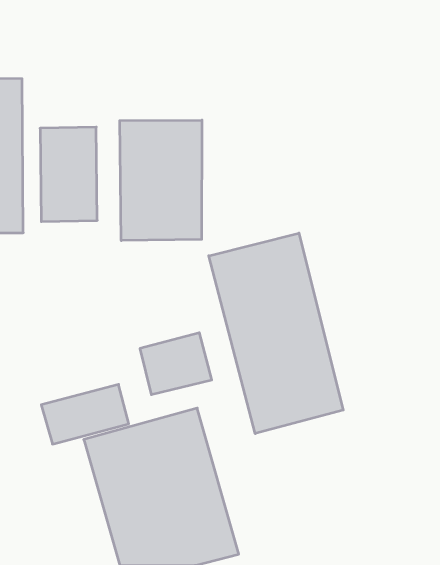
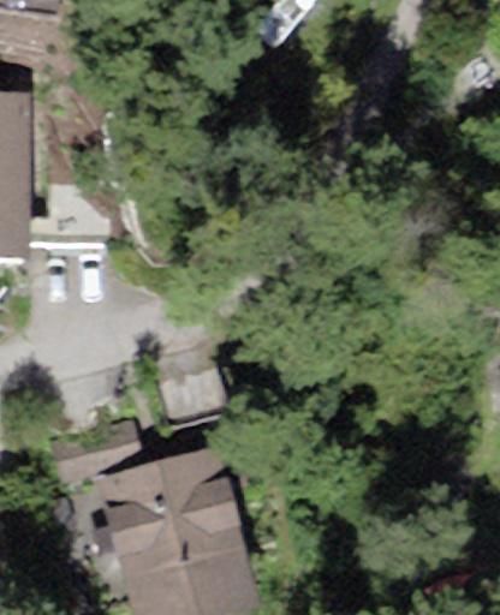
building: [120,120,202,241] -> none
building: [209,233,343,434] -> none

